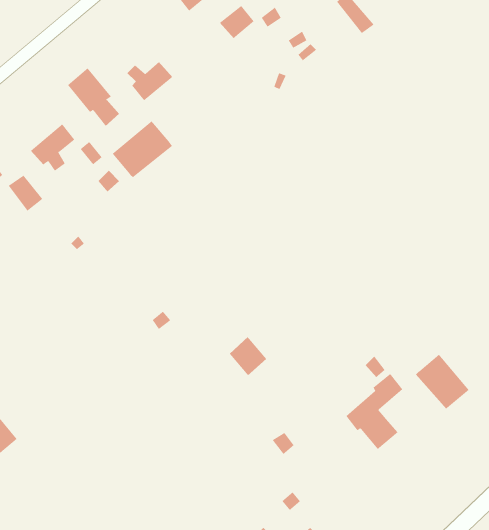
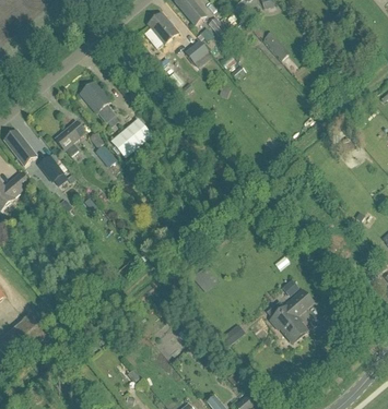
building: [126,61,173,101] -> none
building: [415,354,470,409] -> none

